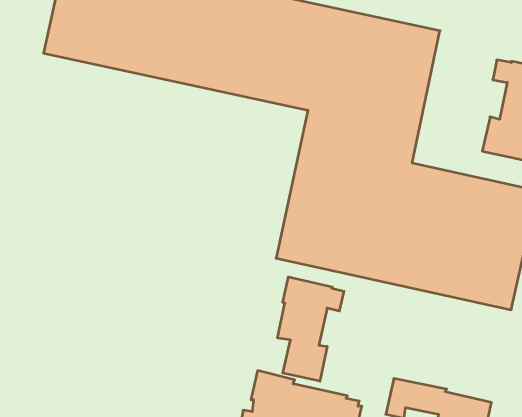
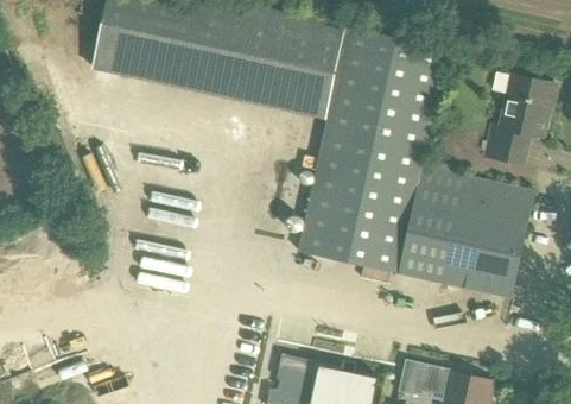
building: [278,277,344,381] -> none

